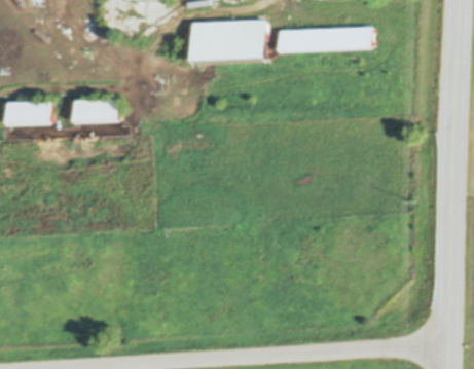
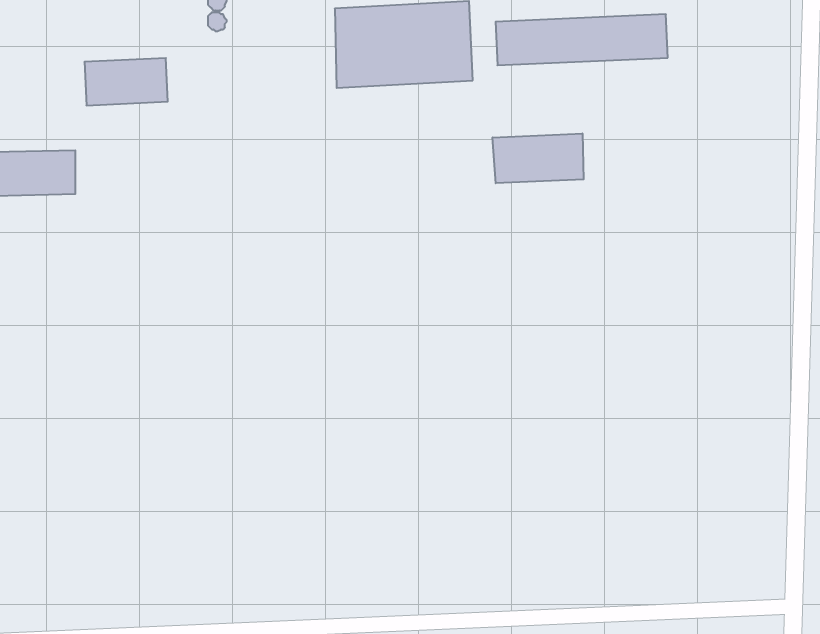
building: none -> [493,133,584,183]
building: [72,98,117,123] -> [84,58,168,105]

